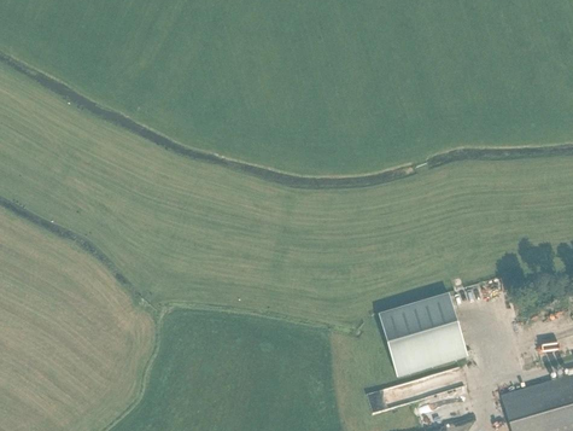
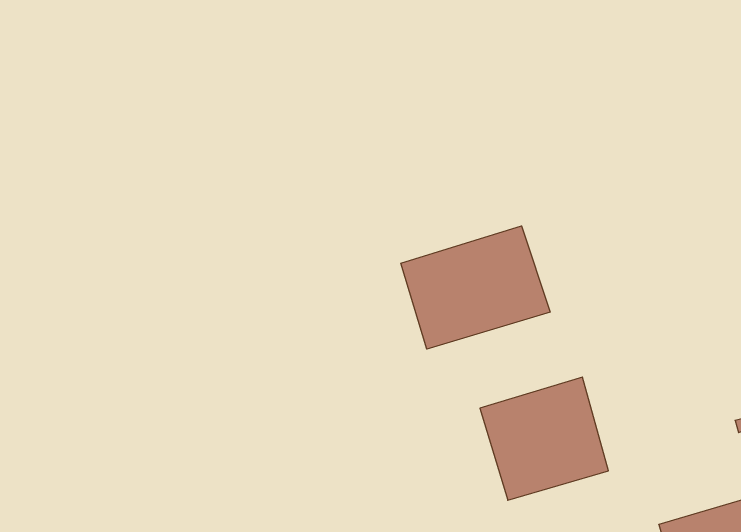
building: none -> [401,226,550,349]

